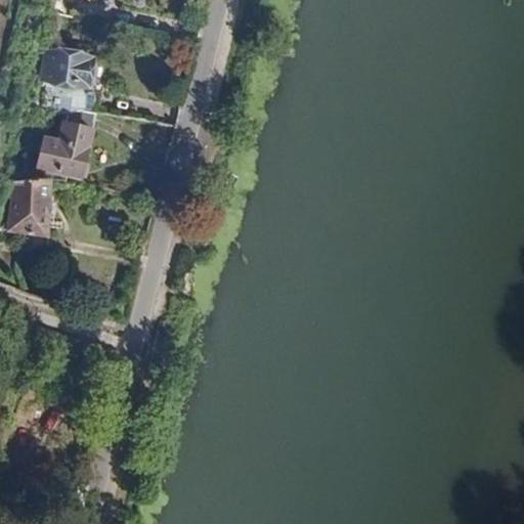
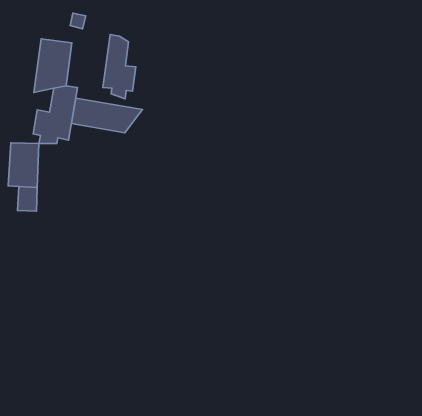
building: none -> [103,34,136,99]
building: none -> [71,98,142,133]

